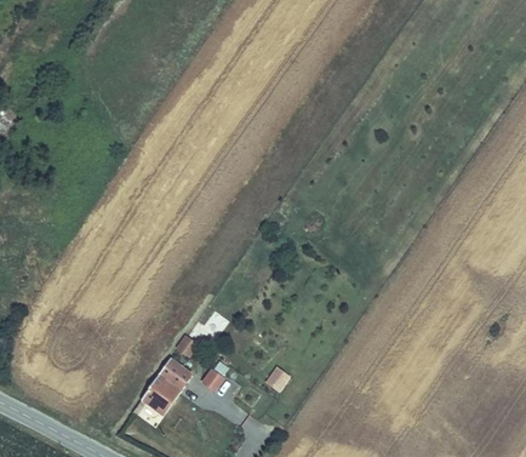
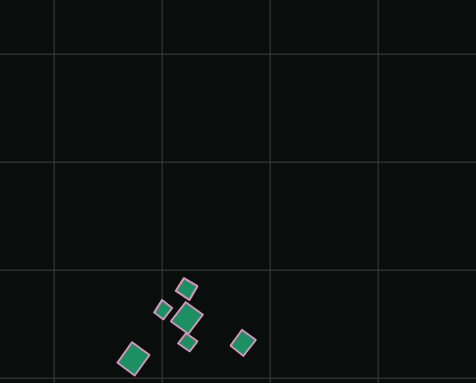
building: [156,359,190,393] -> [171,302,203,334]

